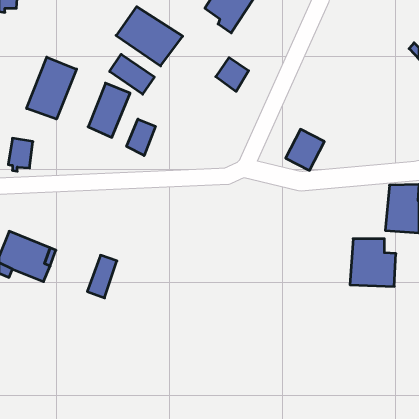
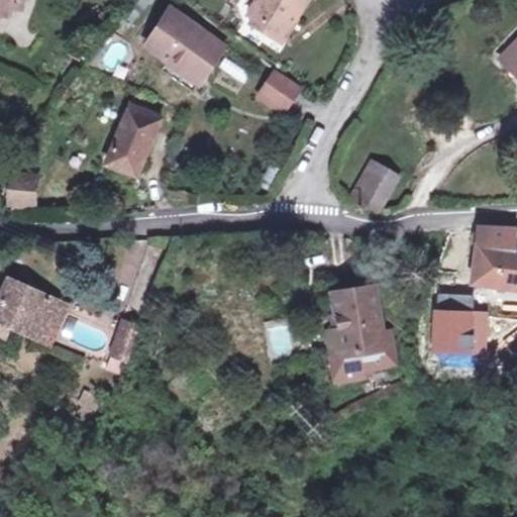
building: [110,54,154,94] -> none
building: [27,57,77,119] -> none
building: [127,119,155,156] -> none
building: none -> [328,285,394,379]

